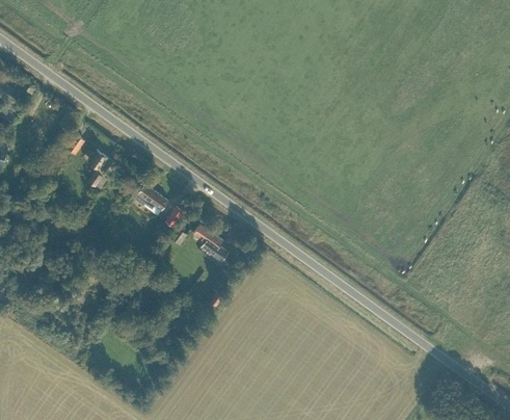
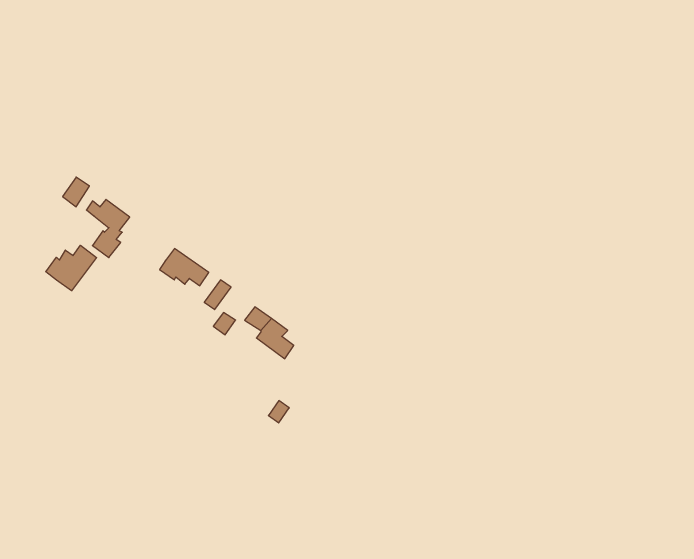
building: none -> [46,245,97,291]

